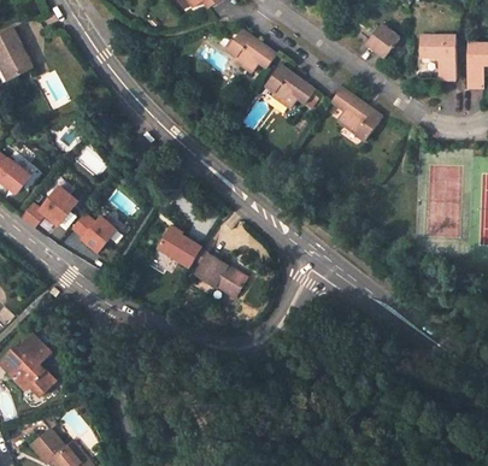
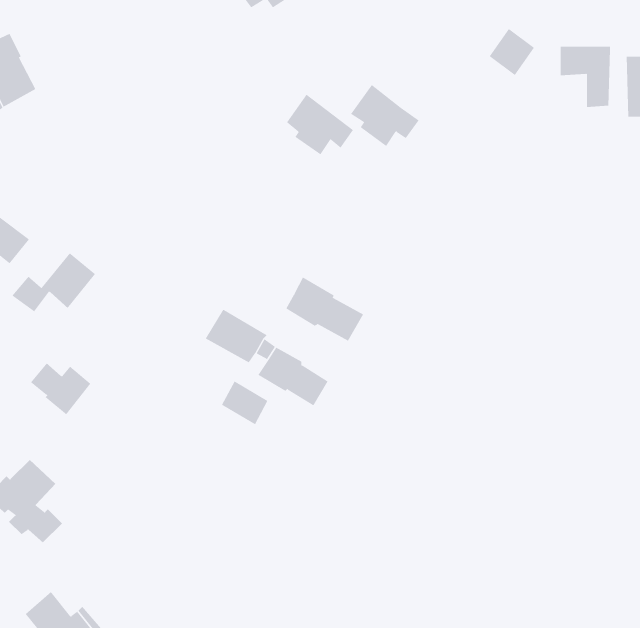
building: [227,28,276,72] -> [286,94,354,155]
building: [331,85,382,140] -> none
building: none -> [286,277,364,342]
building: [72,213,117,252] -> [30,362,91,415]
building: none -> [221,381,268,425]

